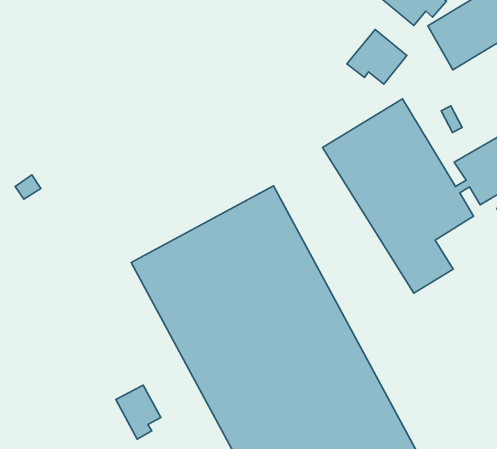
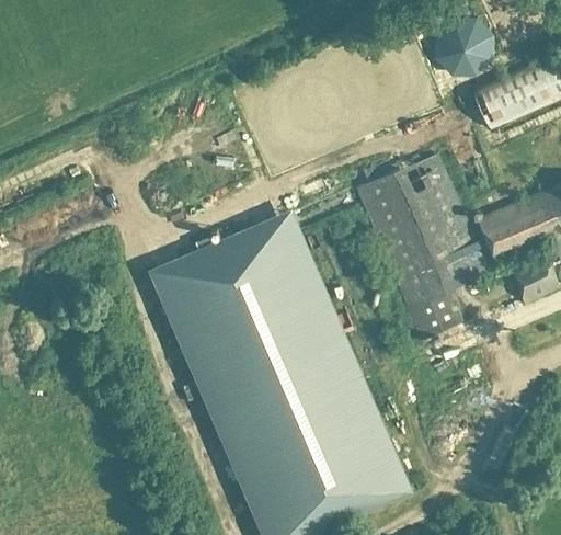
building: [347,29,407,84] -> none
building: [116,385,161,439] -> none

